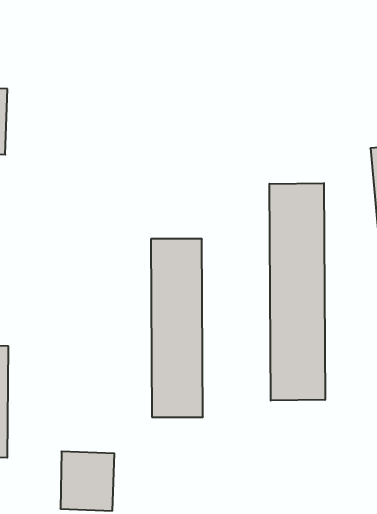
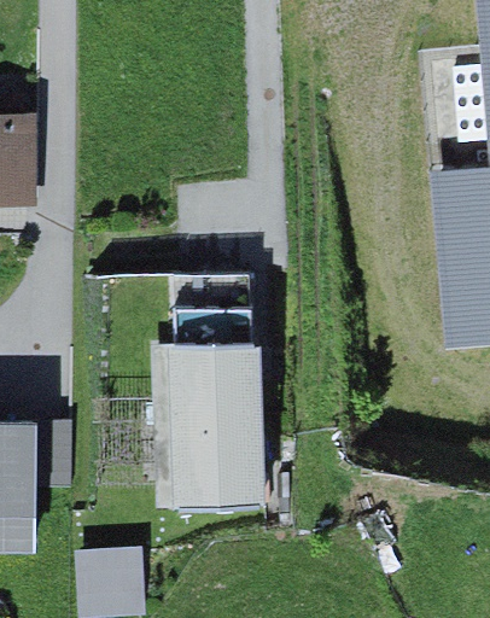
building: [269,183,325,401] -> none

